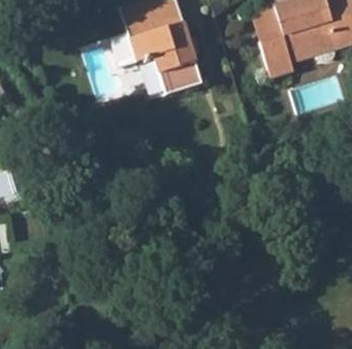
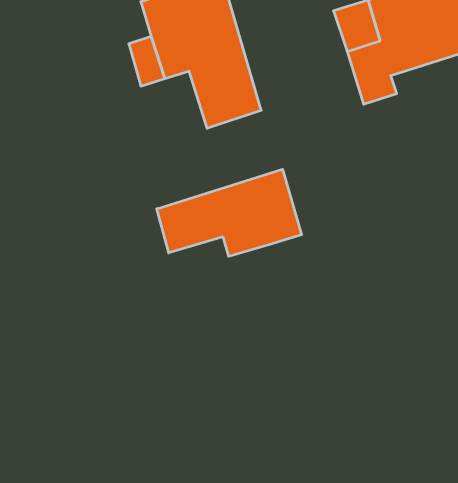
building: none -> [157,169,302,256]

